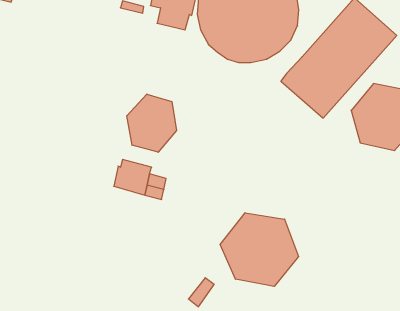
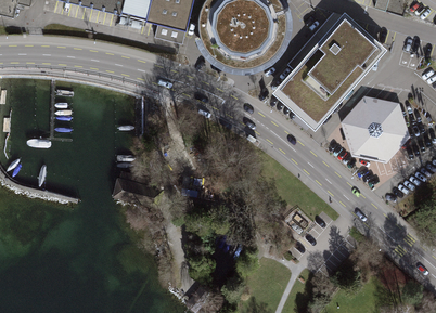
building: [127,94,176,152] -> none
building: [220,213,299,286] -> none

